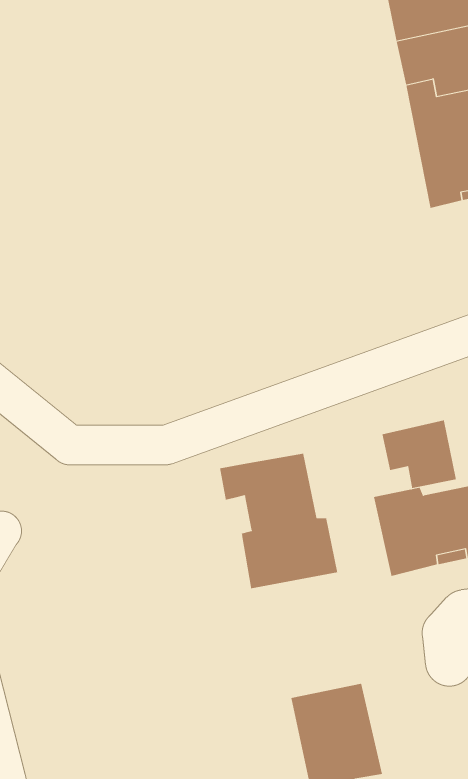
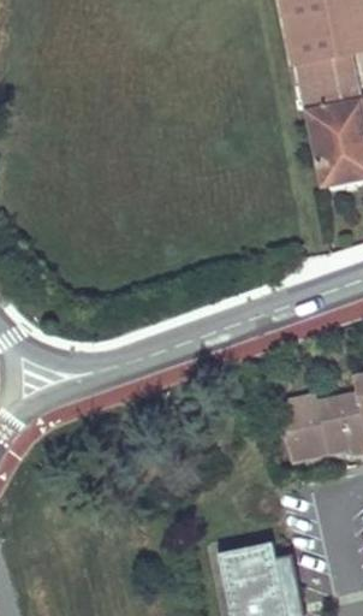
building: [382,419,457,489] -> none
building: [219,453,338,589] -> none

